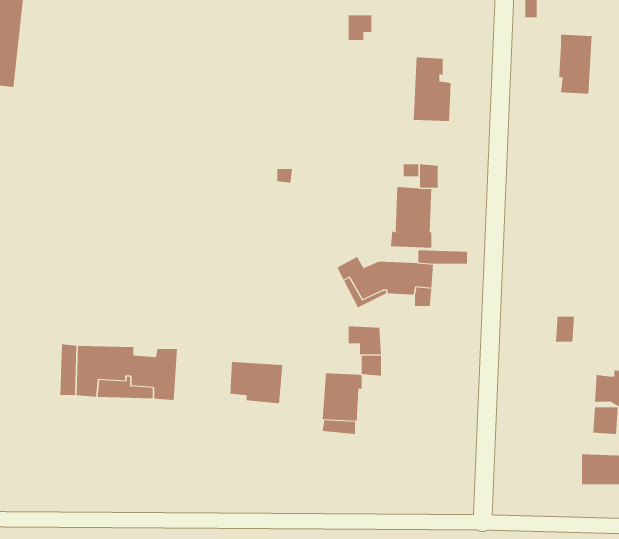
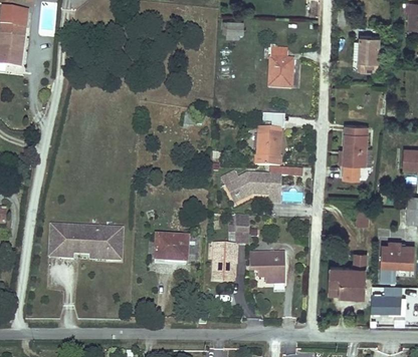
building: none -> [344,123,368,180]
building: none -> [249,253,284,284]
building: none -> [329,253,366,294]

